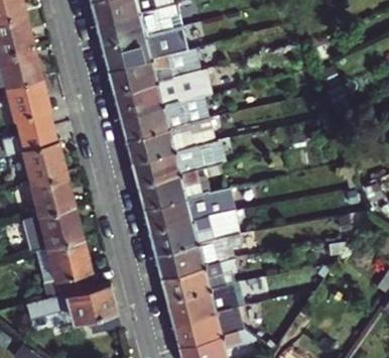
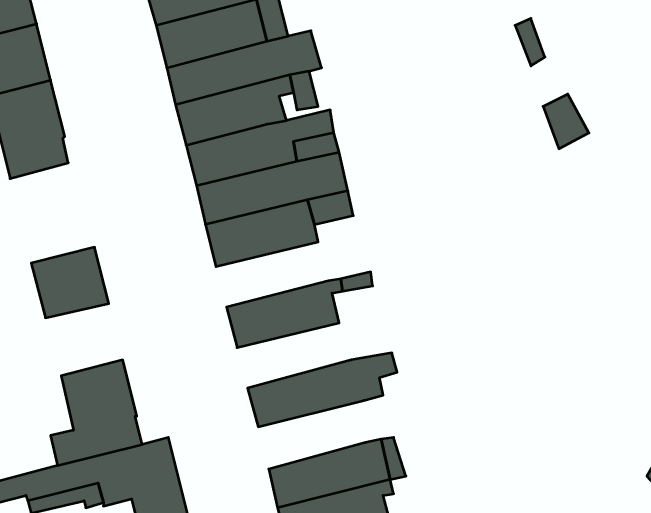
building: [19,125,68,183] -> none
building: [137,170,202,208] -> none
building: [39,206,84,247] -> none
building: [149,212,238,254] -> none
building: [161,261,225,301] -> none

